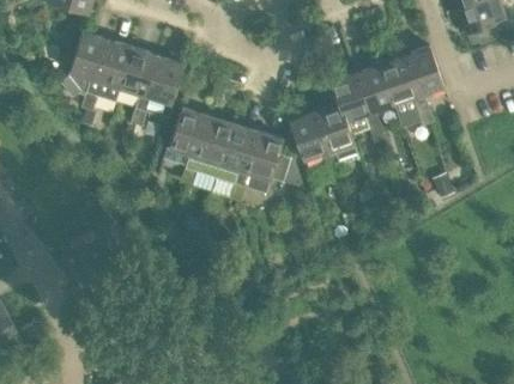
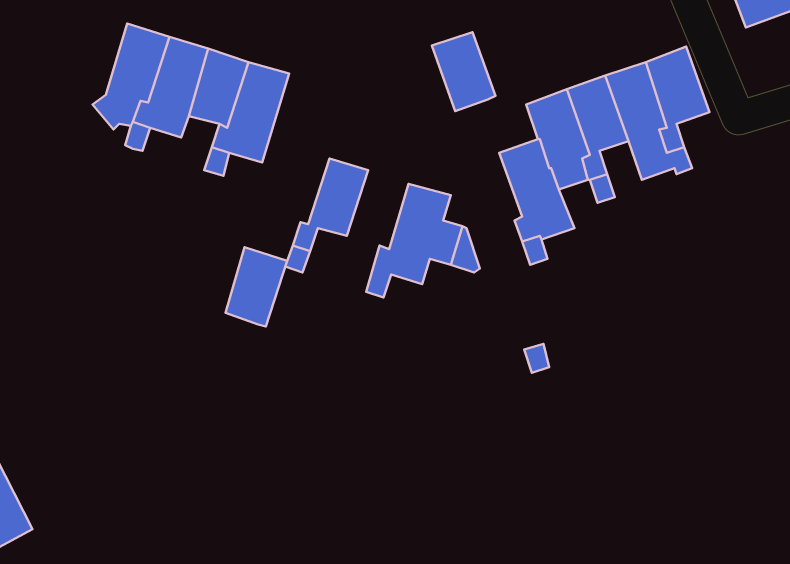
building: [169,106,207,156] -> [225,247,287,326]
building: [288,111,327,160] -> [432,32,496,111]
building: [218,122,256,171] -> none

